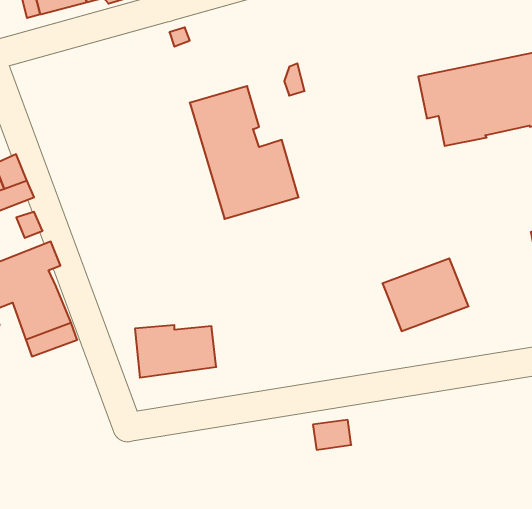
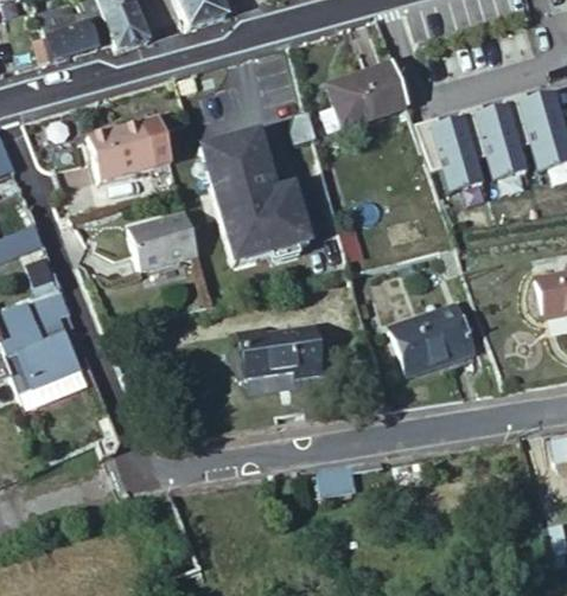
building: none -> [323,62,409,130]
building: none -> [90,114,170,178]
building: none -> [129,213,199,273]
building: [135,325,216,378] -> [243,326,324,378]

